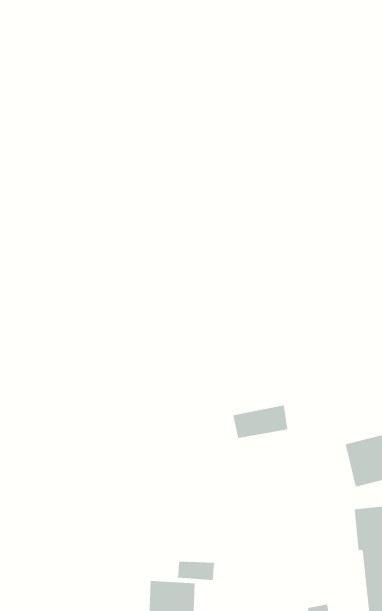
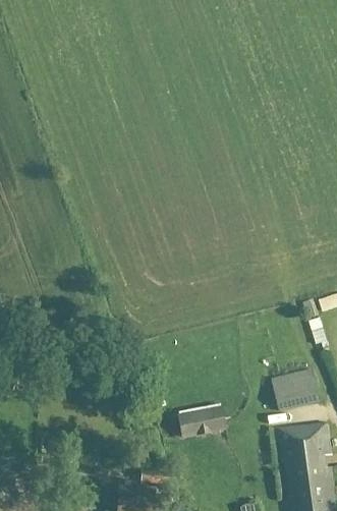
building: [232,405,288,439] -> [180,407,224,434]

